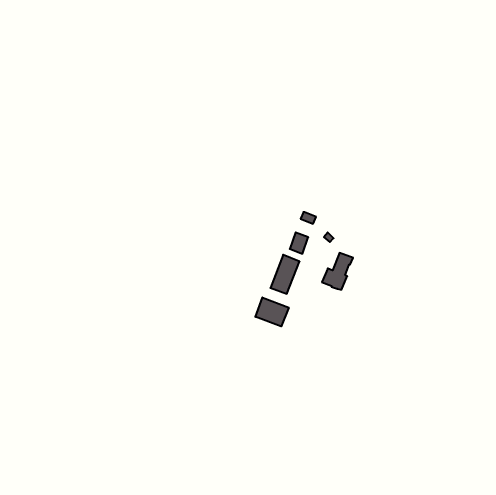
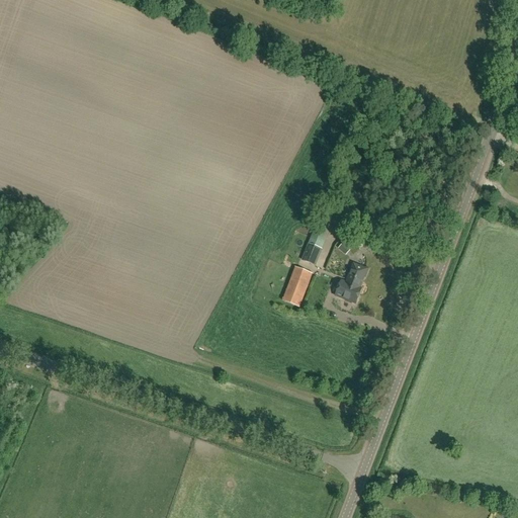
building: [255,297,289,326] -> none

